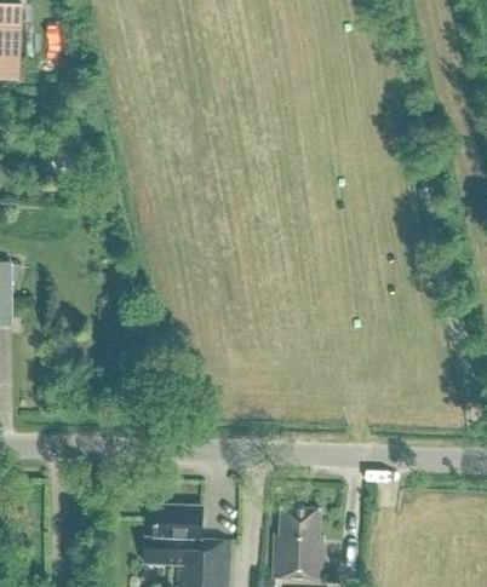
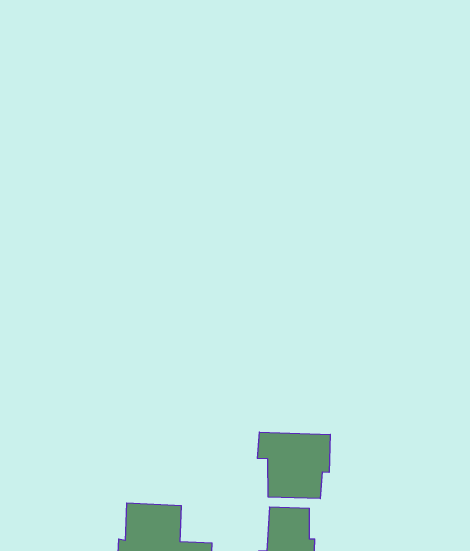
building: none -> [257,432,330,499]

